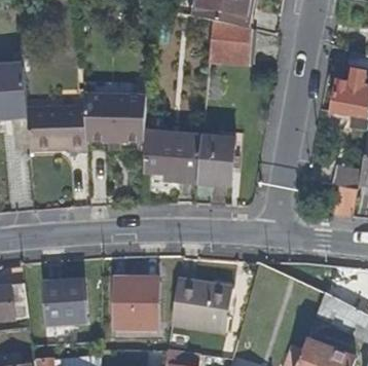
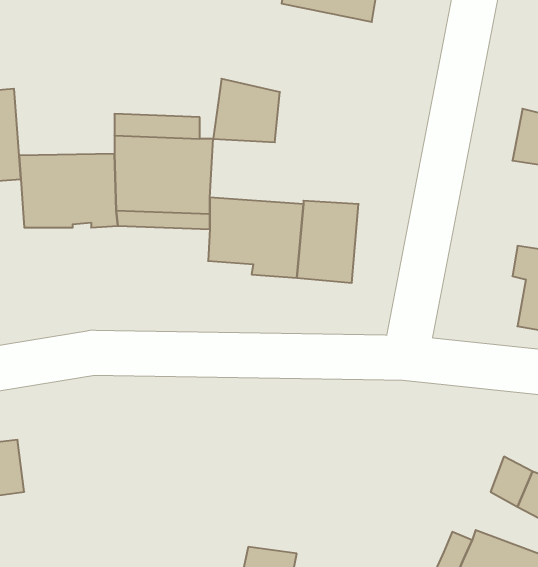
building: [209,26,250,65] -> [213,79,280,142]
building: [115,278,159,323] -> none
building: [45,279,85,322] -> none
building: [172,279,232,330] -> none

